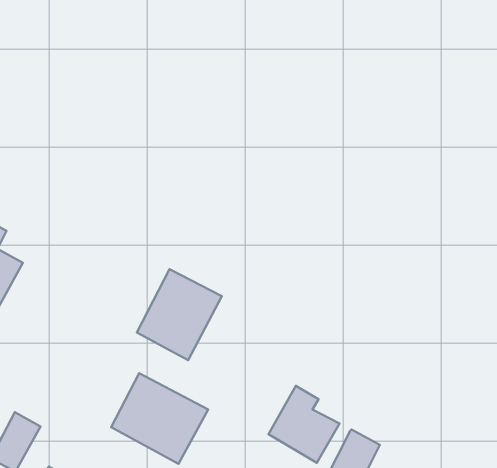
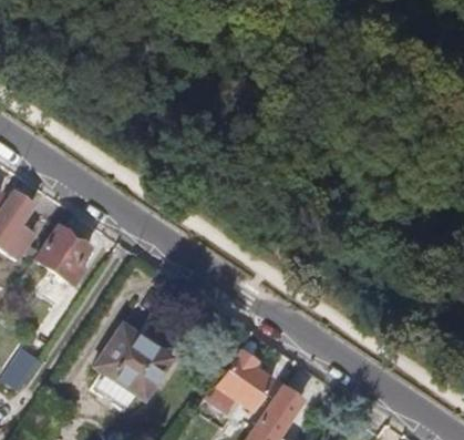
building: none -> [33,225,94,285]
building: [137,269,222,360] -> none

